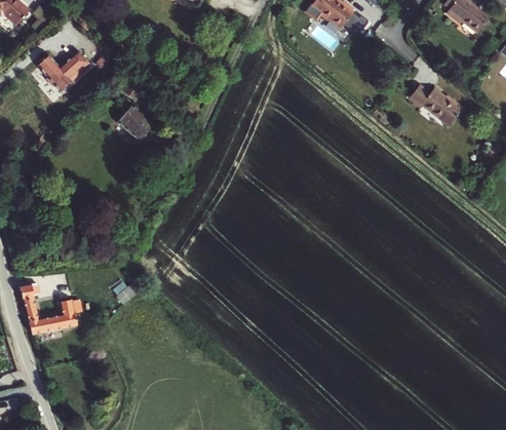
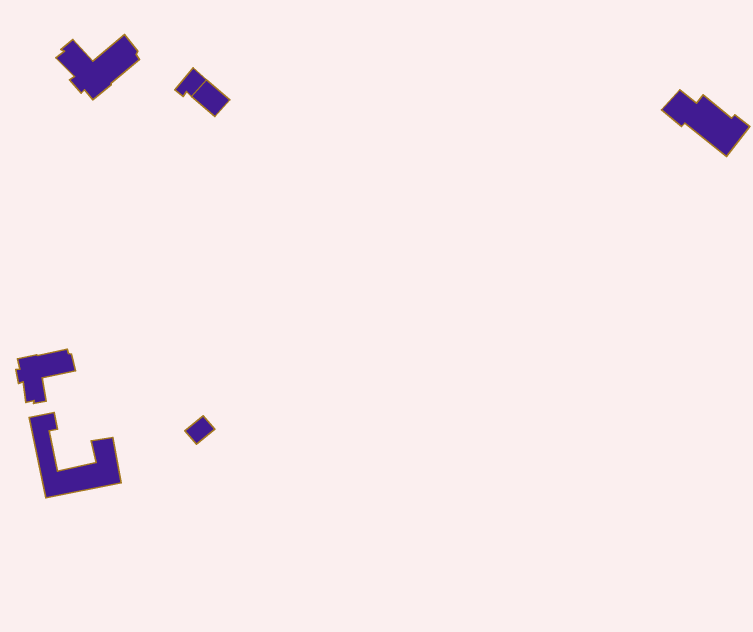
building: [117,105,153,140] -> none
building: none -> [16,349,76,403]

